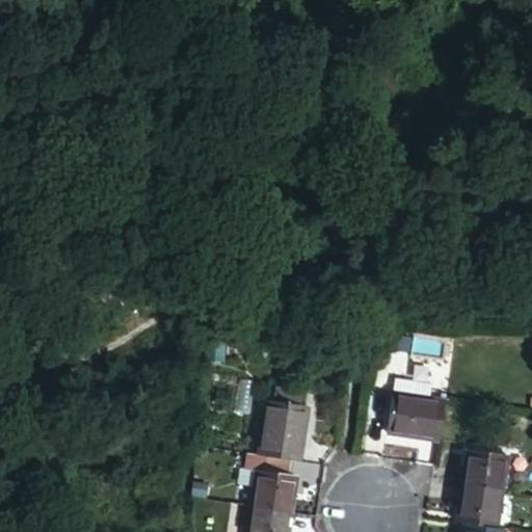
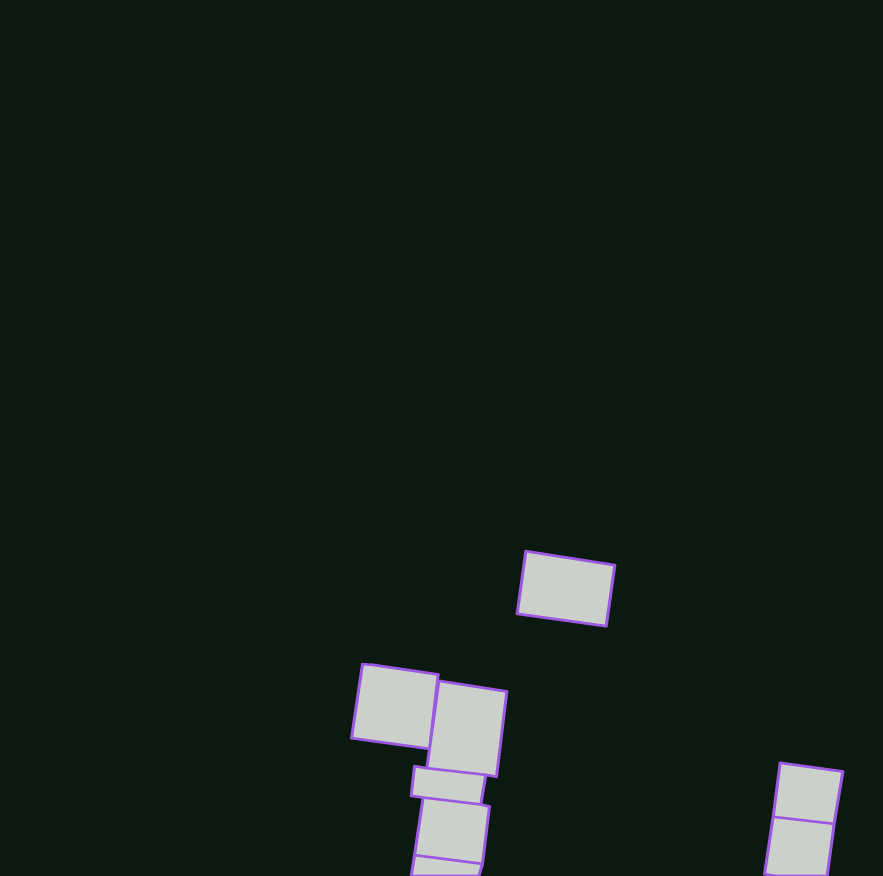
building: [390,396,448,441] -> [517,551,615,626]
building: none -> [352,664,438,749]

